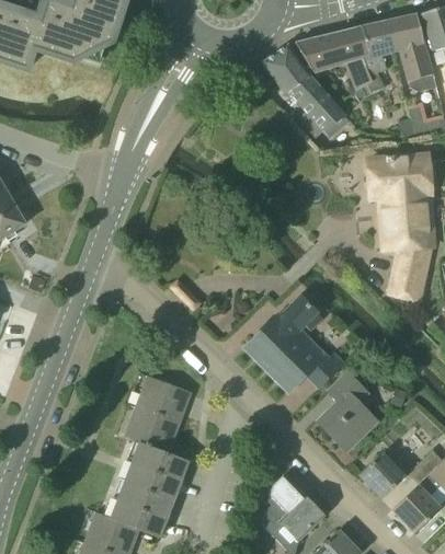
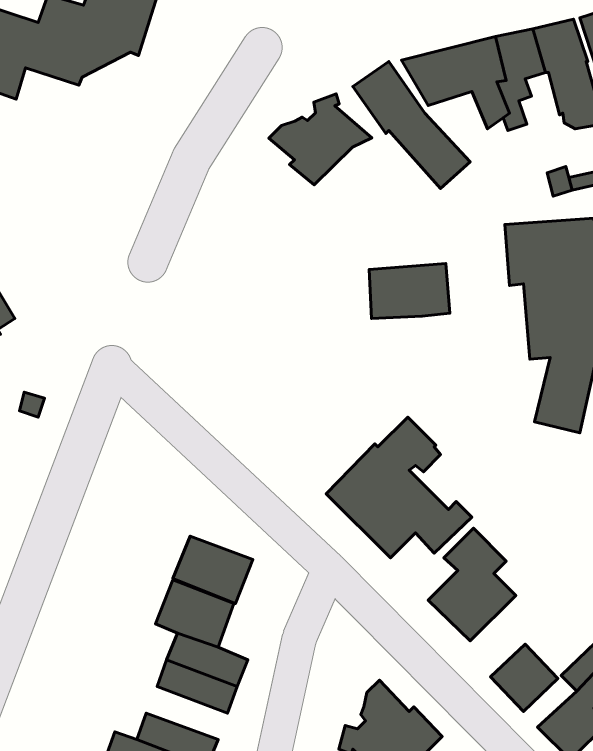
building: none -> [269,94,372,185]
building: none -> [369,264,450,319]
building: [117,481,174,518] -> none

